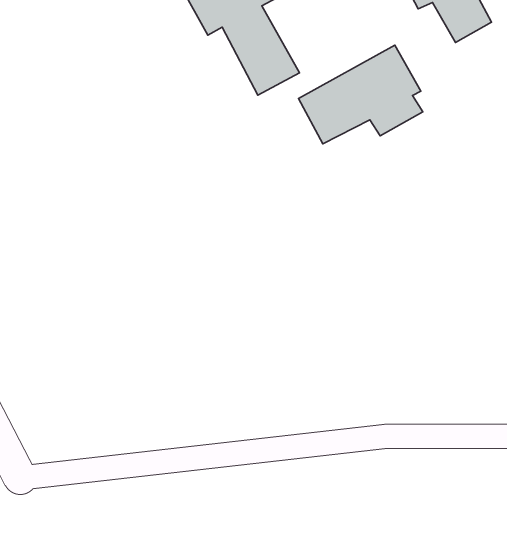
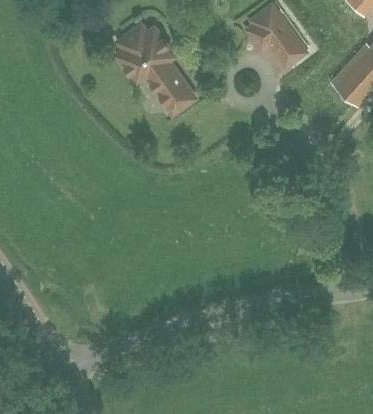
building: [299,45,423,144] -> none

